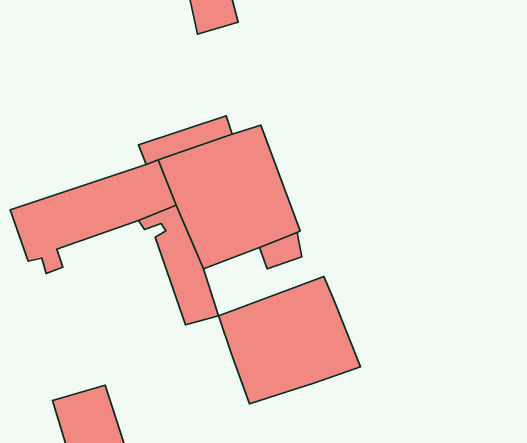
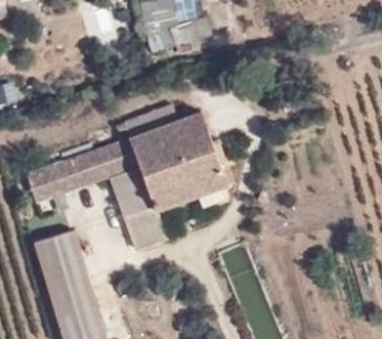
building: [219,277,361,404] -> none
building: none -> [37,235,89,298]

